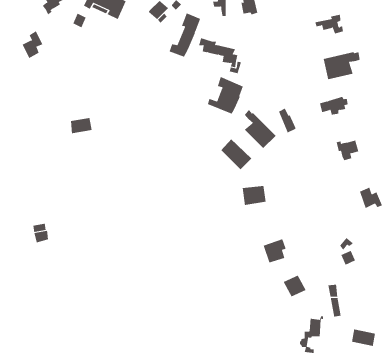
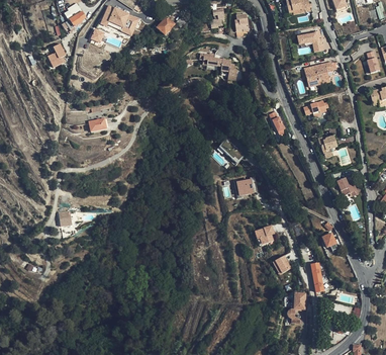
building: [169,13,201,58] -> none
building: [207,76,243,114] -> none
building: [244,109,276,149] -> none

